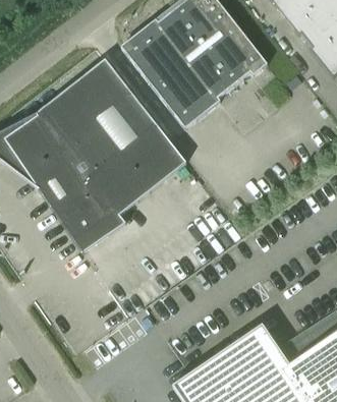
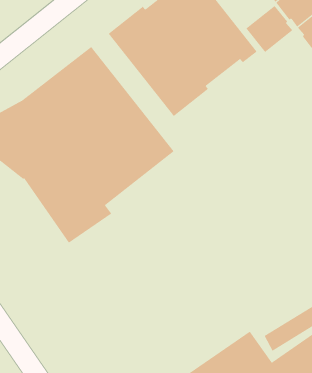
building: none -> [245,5,293,53]

